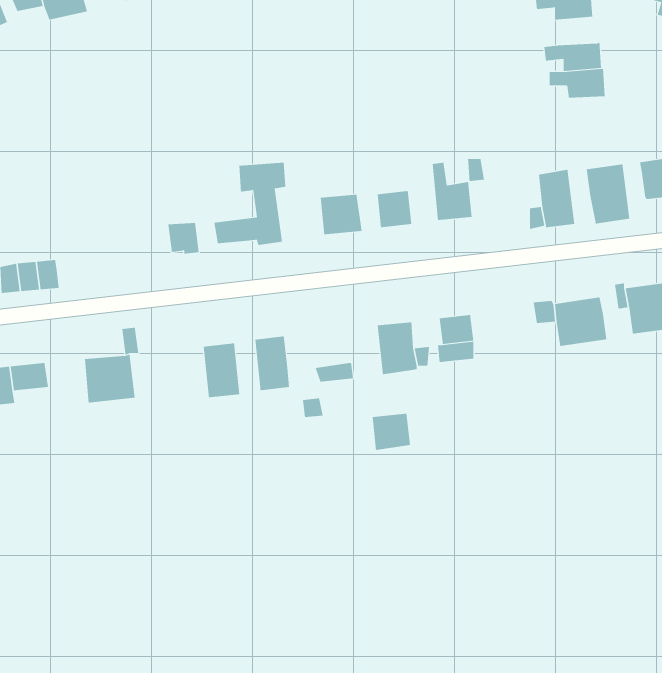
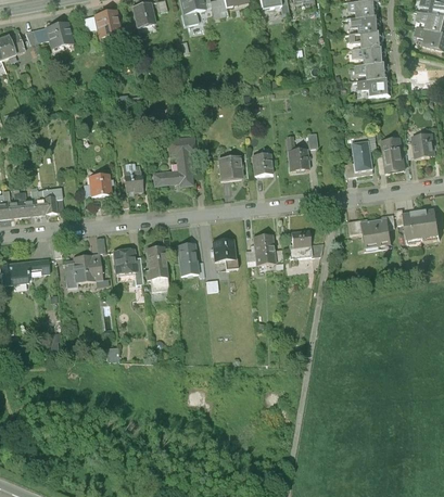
building: none -> [351,47,385,64]
building: none -> [87,173,111,196]
building: none -> [111,248,137,275]
building: [372,413,411,450] -> [211,239,234,262]

